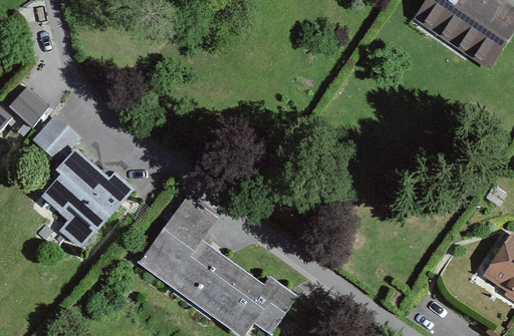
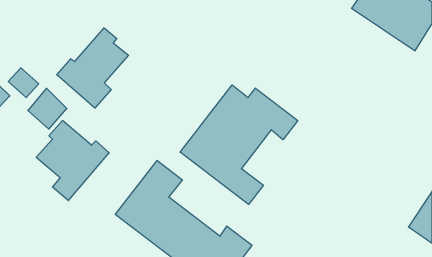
building: none -> [57,28,128,108]
building: none -> [180,85,298,204]

